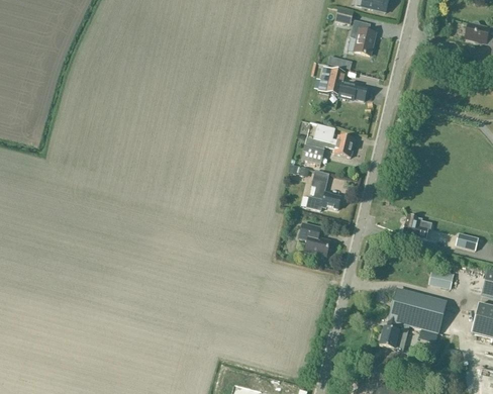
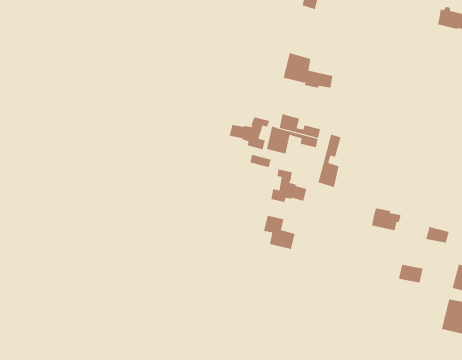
building: [351,19,376,54] -> none
building: none -> [229,116,270,150]
building: none -> [318,134,341,188]
building: [380,286,448,351] -> none

